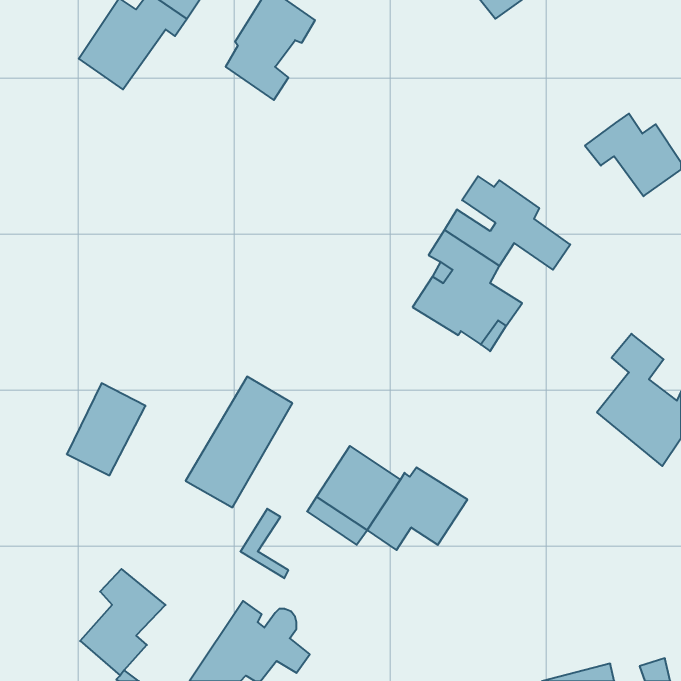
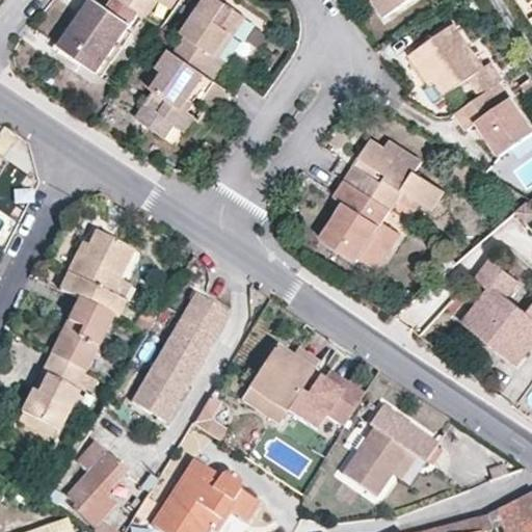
building: none -> [409,23,502,96]
building: none -> [135,48,231,135]
building: none -> [58,231,133,317]
building: none -> [22,353,83,429]
building: none -> [129,374,181,422]
building: none -> [340,408,435,500]

